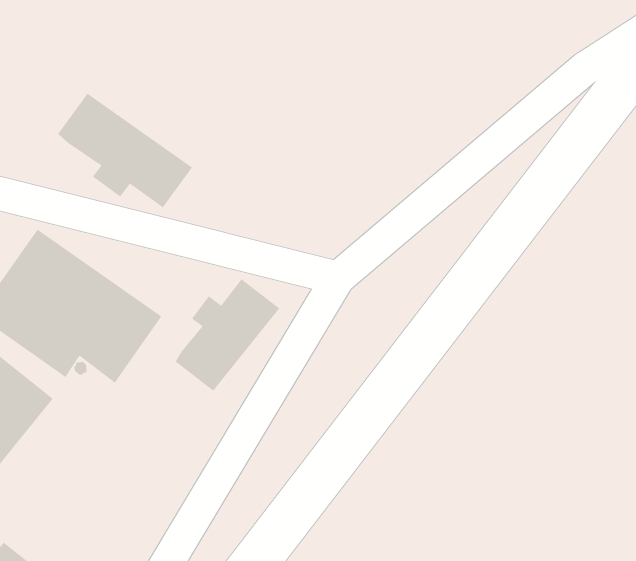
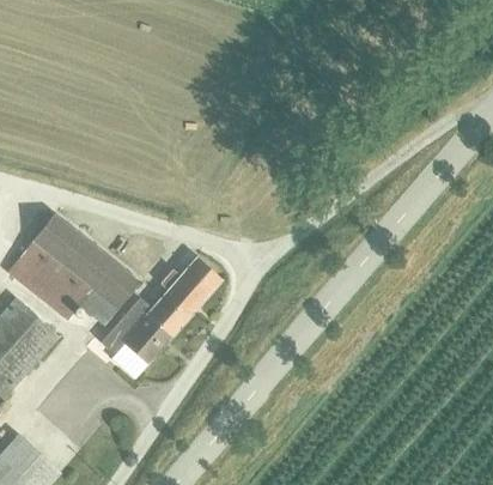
building: [57,93,193,208] -> none
building: none -> [99,296,171,378]

